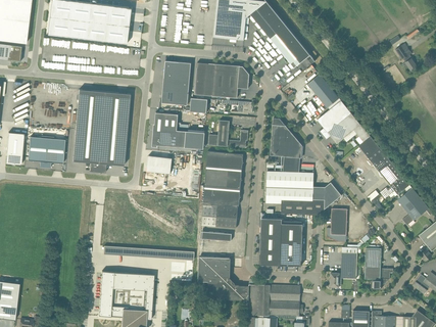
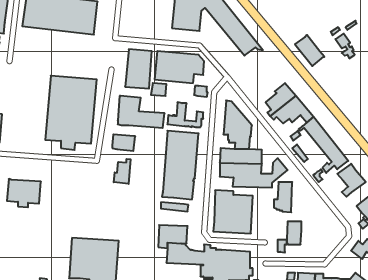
building: [307,74,340,108] -> [295,35,324,66]
building: [28,136,65,168] -> [7,179,41,207]
building: none -> [114,159,131,184]
building: [365,247,393,289] -> none

